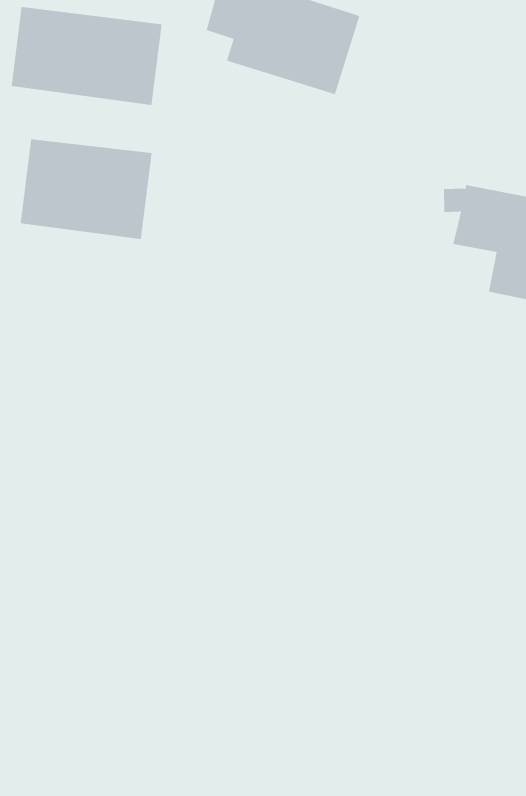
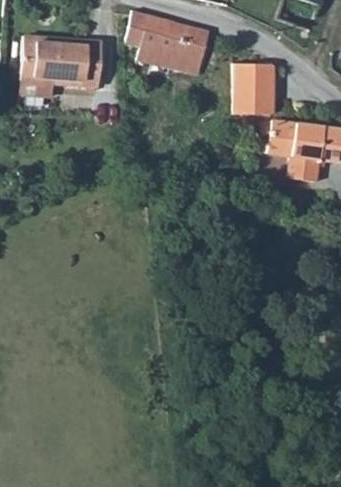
building: none -> [233,64,274,114]
building: [20,138,152,240] -> none

